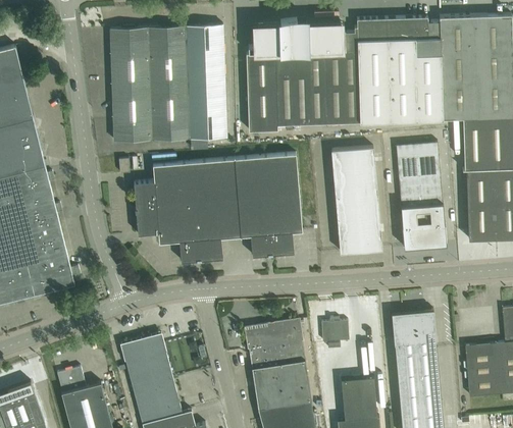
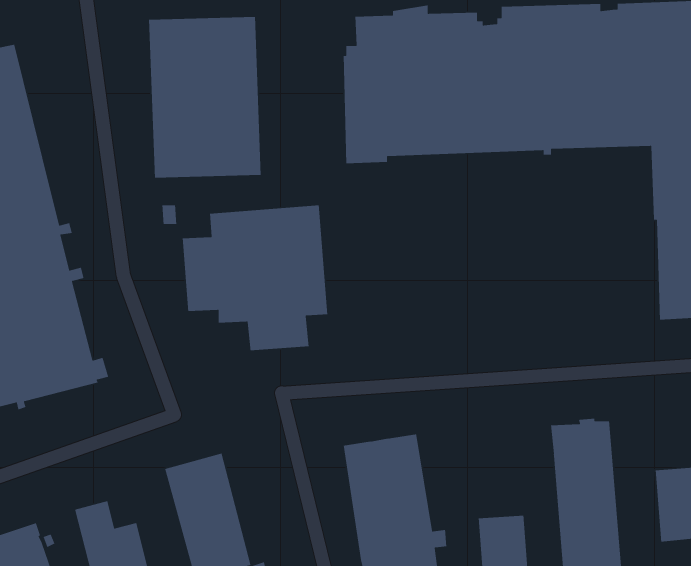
building: [185,26,226,140] -> none
building: [396,145,446,250] -> none
building: [331,150,381,254] -> none
building: [229,155,302,257] -> none
building: [321,319,349,342] -> none

